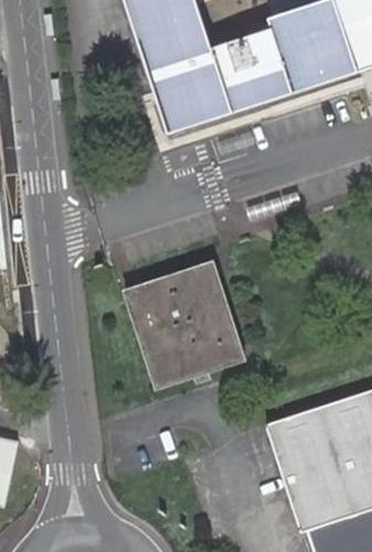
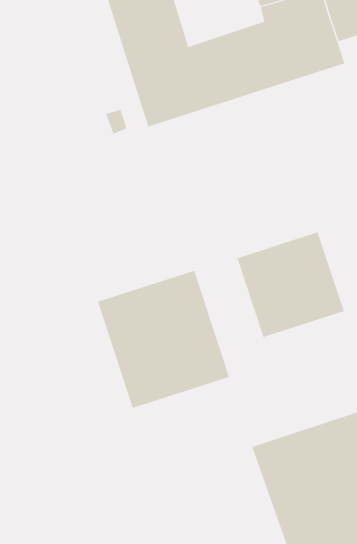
building: none -> [237,231,344,338]

